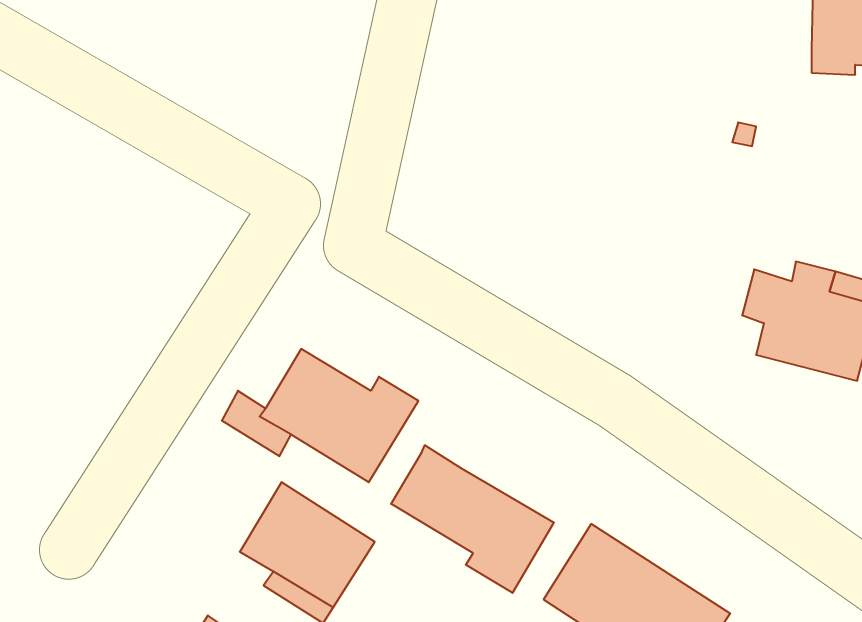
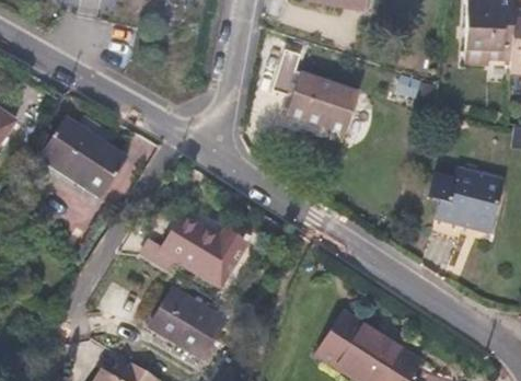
building: none -> [270,62,359,135]
building: none -> [39,117,125,196]
building: [391,445,554,593] -> none

